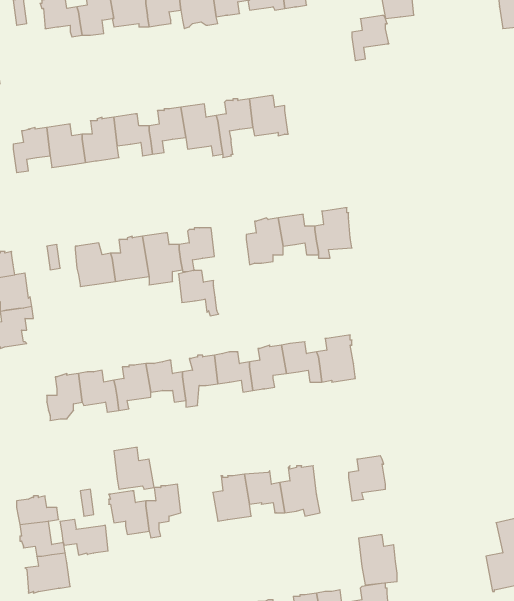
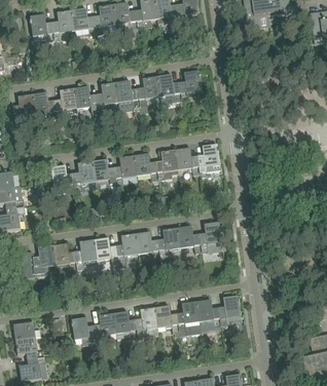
building: [352,15,389,61] -> [179,71,202,99]
building: [178,271,219,316] -> [134,154,158,182]
building: [114,447,154,489] -> [113,311,138,337]
building: [60,519,108,555] -> none
building: [359,535,397,585] -> [196,300,220,331]

